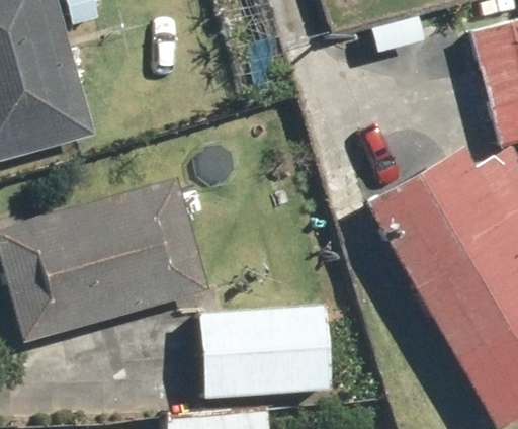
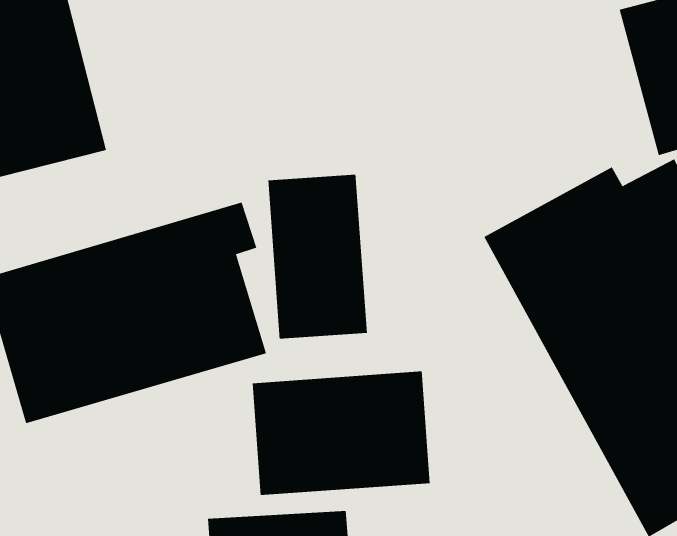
building: none -> [268,174,367,340]

